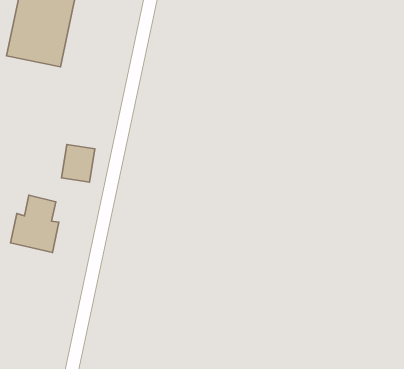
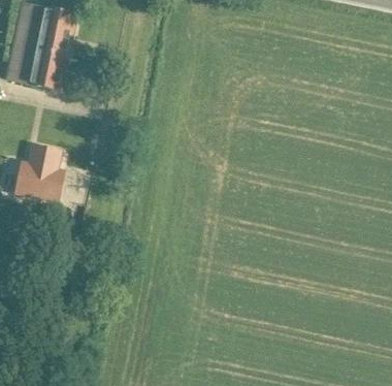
building: [10,195,59,252] -> [15,143,62,198]

